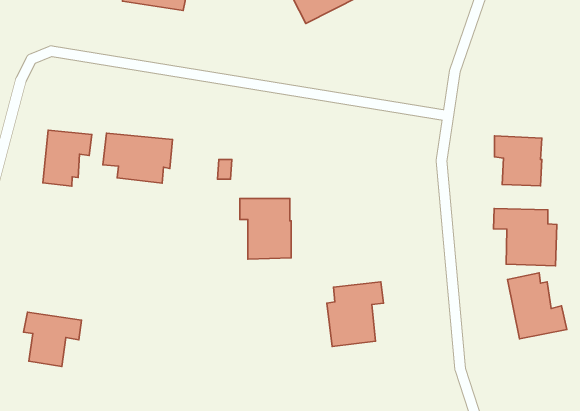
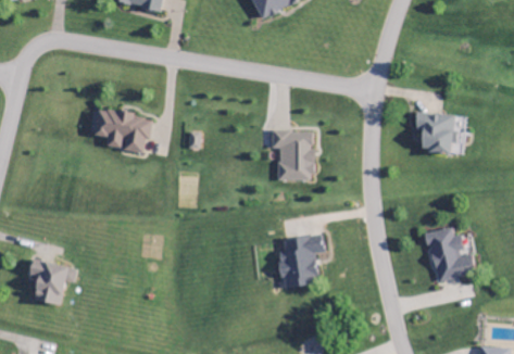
building: [43,130,92,186] -> none
building: [240,199,291,259] -> [272,131,314,181]
building: [493,209,557,266] -> none

